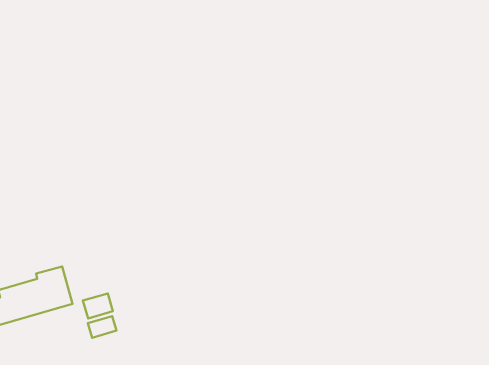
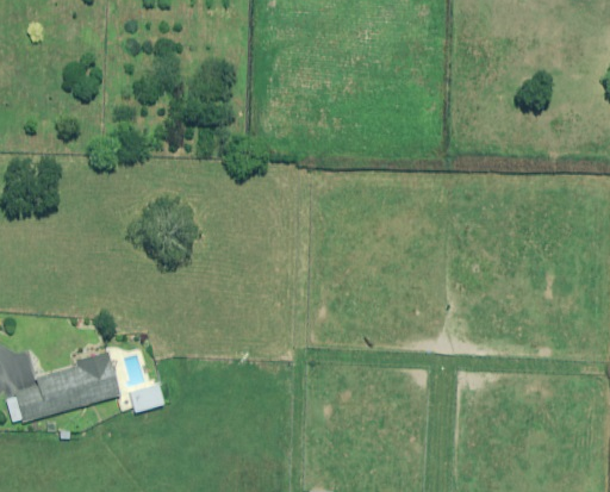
building: [88,316,116,338] -> none

